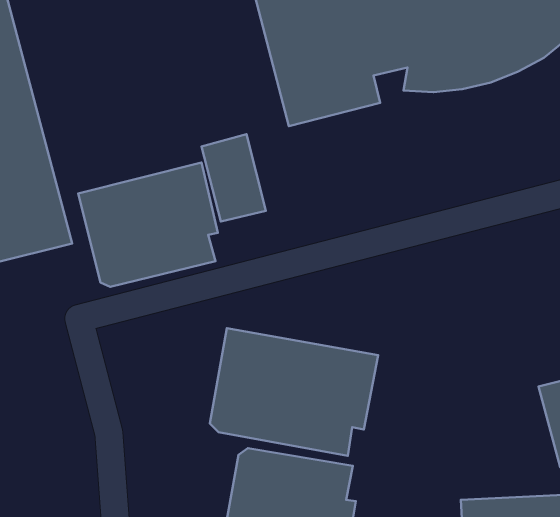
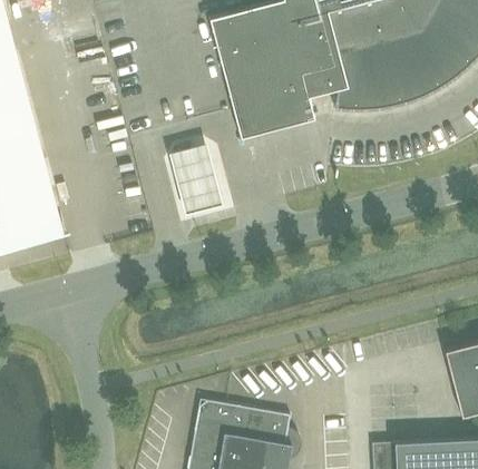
building: [78,163,218,287] -> none
building: [210,328,378,456] -> none

